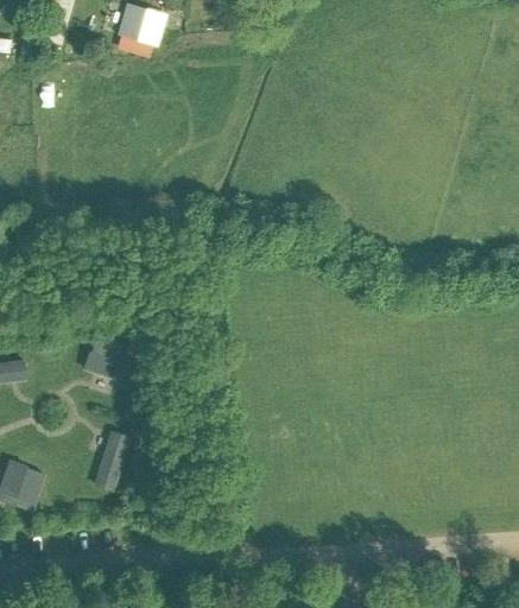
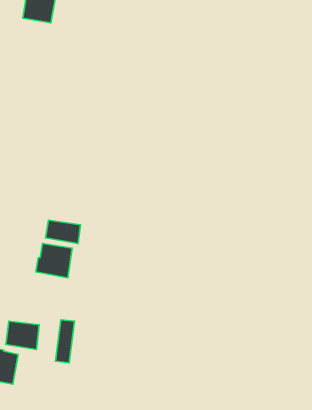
building: none -> [46,220,81,244]
building: none -> [6,321,39,350]

